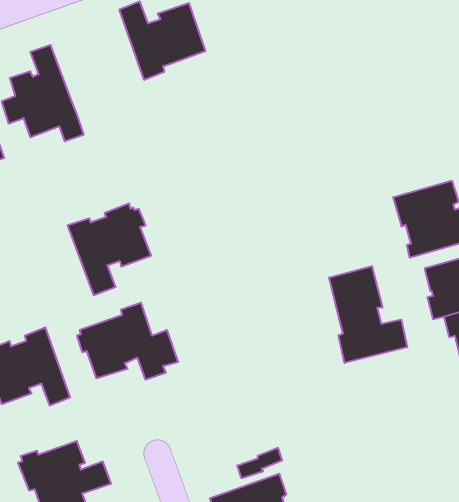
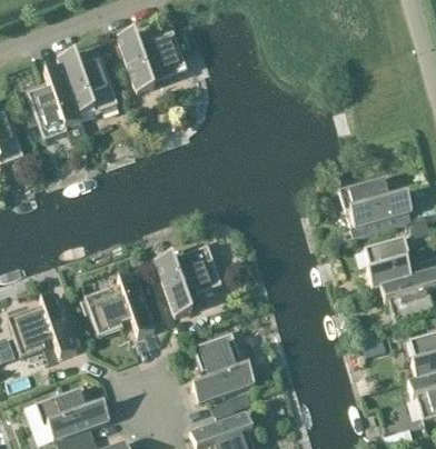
building: none -> [57,50,121,112]
building: [68,203,151,295] -> [153,241,221,316]
building: [329,266,407,363] -> none
building: none -> [191,329,255,402]

